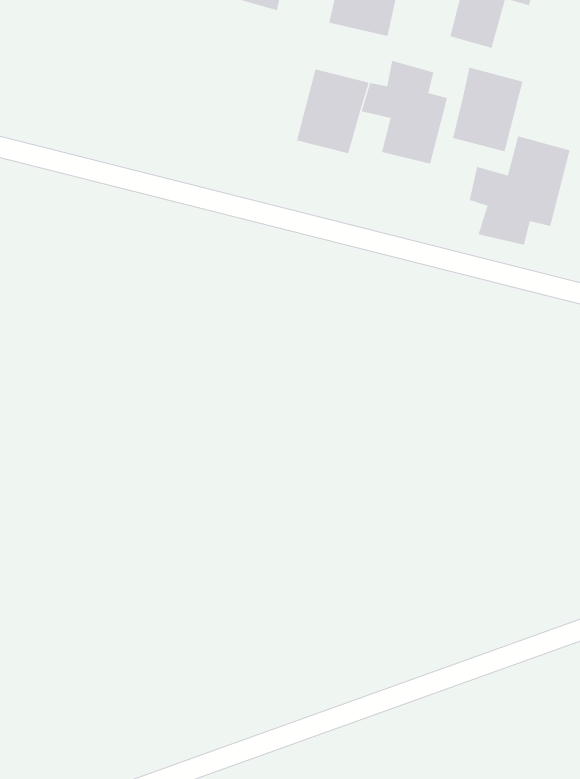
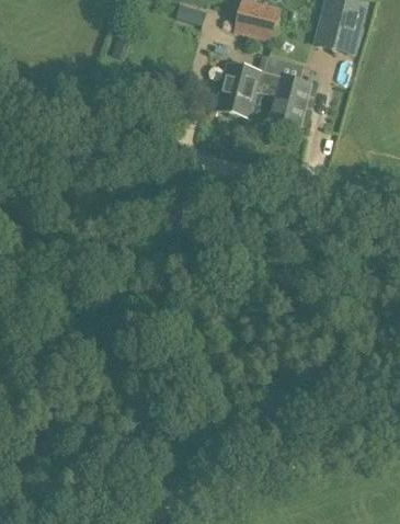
building: [453,67,523,152] -> none
building: [469,135,570,246] -> none

